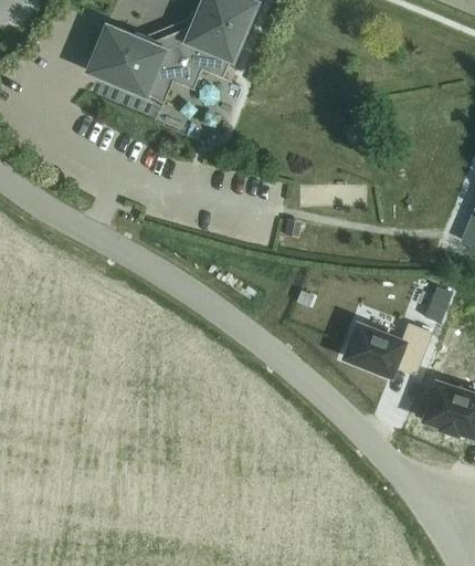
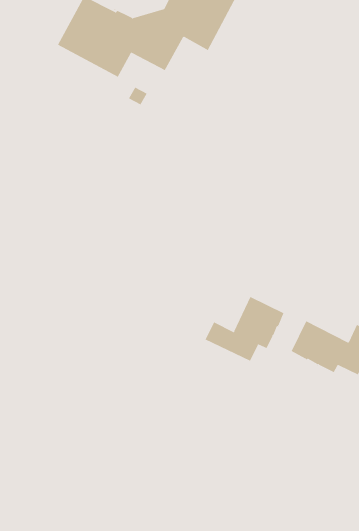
building: none -> [205,296,284,361]

